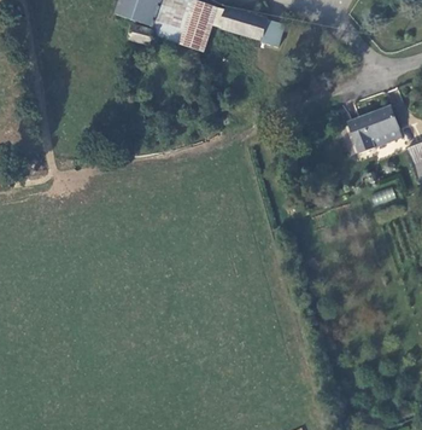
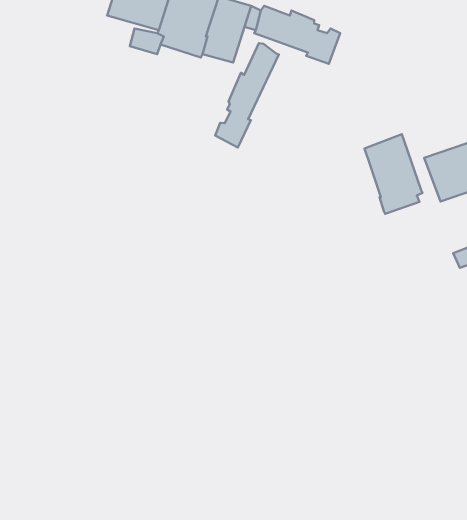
building: none -> [215,43,279,147]
building: none -> [365,134,422,214]

